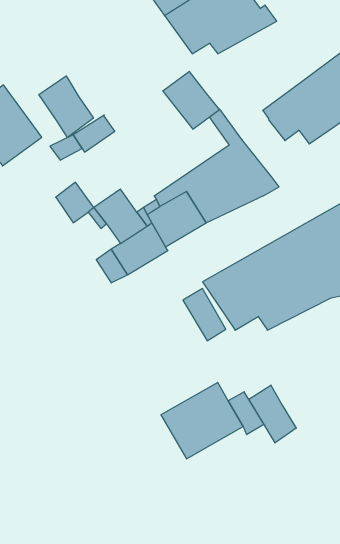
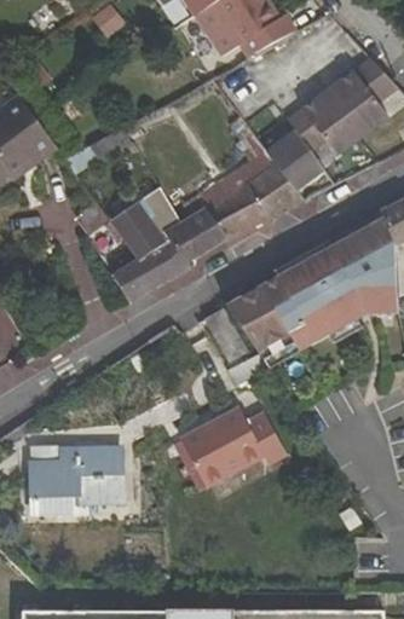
building: [163,71,220,129] -> [265,132,324,192]
building: [39,76,93,137] -> none
building: [249,385,296,443] -> none
building: none -> [33,449,122,516]

